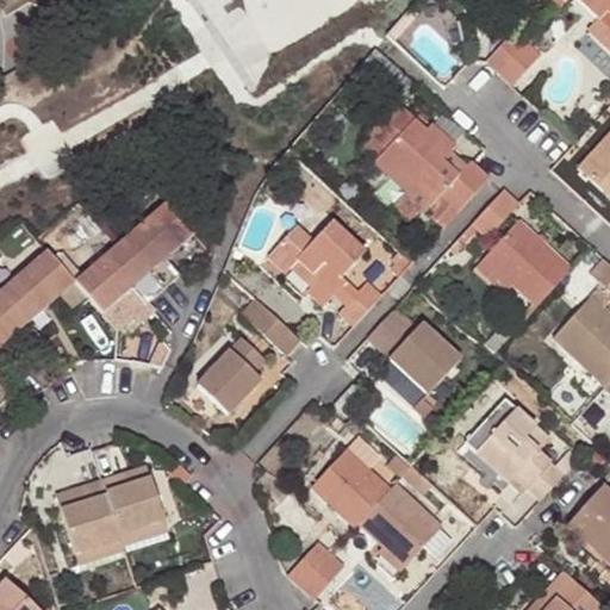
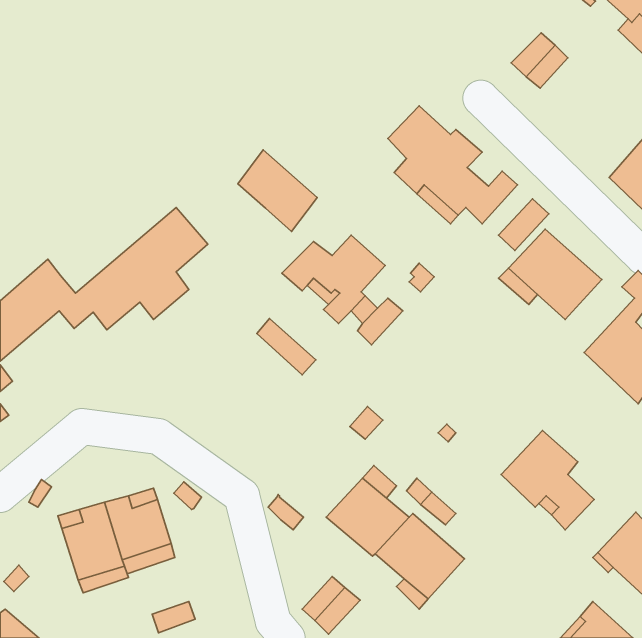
building: none -> [238,150,317,232]
building: [367,307,463,396] -> none
building: [199,340,266,417] -> none

